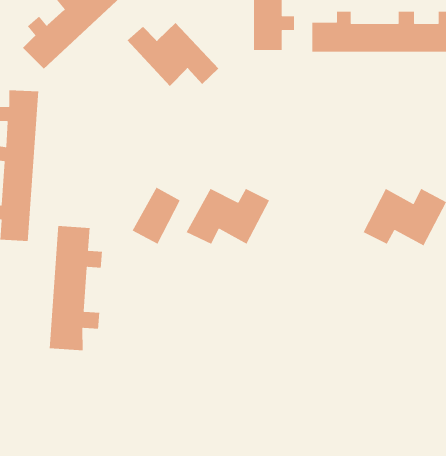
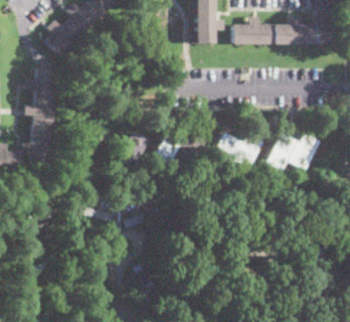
building: [127,22,219,87] -> none
building: none -> [209,131,265,169]
building: [49,225,103,351] -> none

